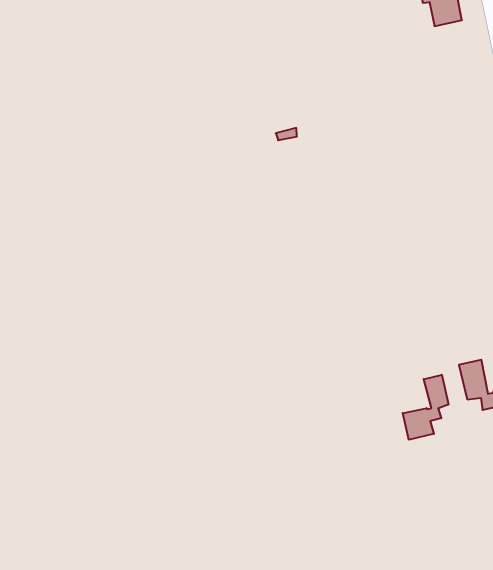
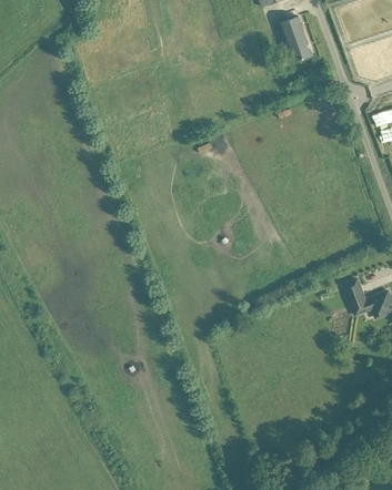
building: [403,375,448,440] -> none

